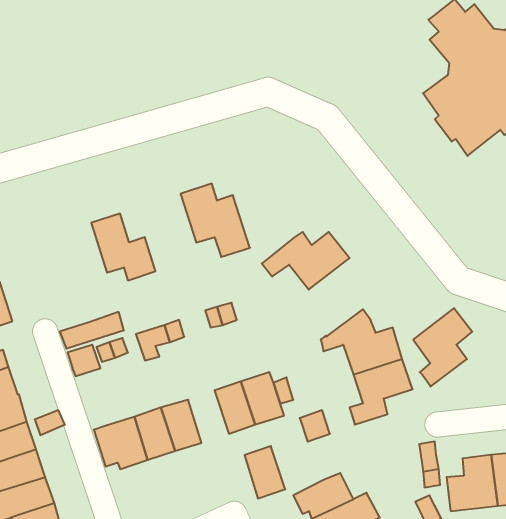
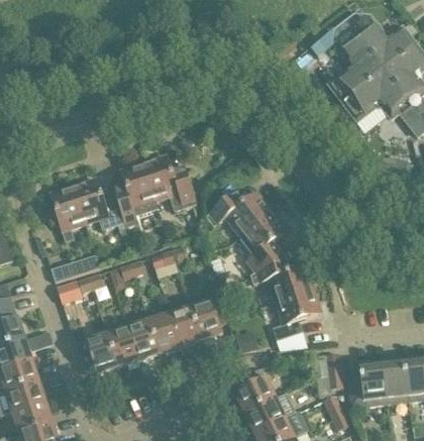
building: none -> [115,162,157,227]
building: none -> [49,185,86,241]
building: [413,308,472,387] -> [241,212,287,272]
building: [245,446,285,498] -> [148,314,180,354]

